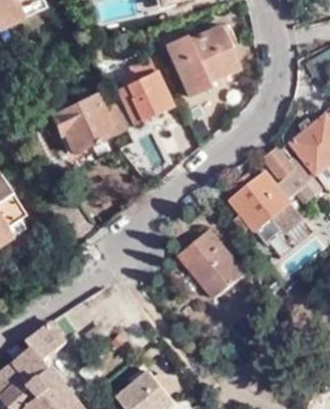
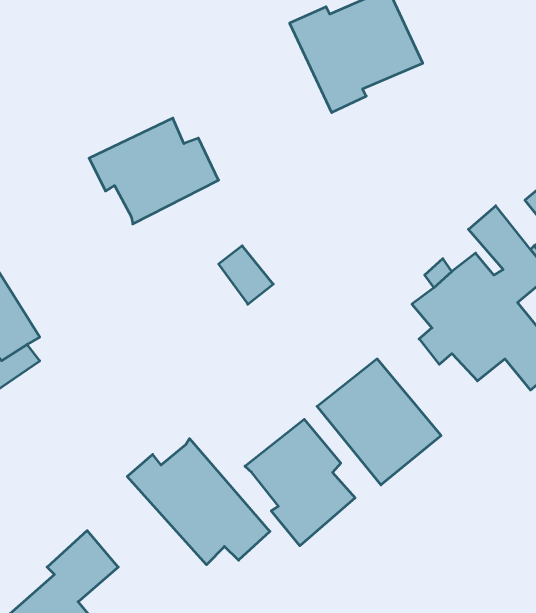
building: [111,59,171,130] -> none
building: none -> [245,419,355,546]
building: none -> [127,439,270,565]

